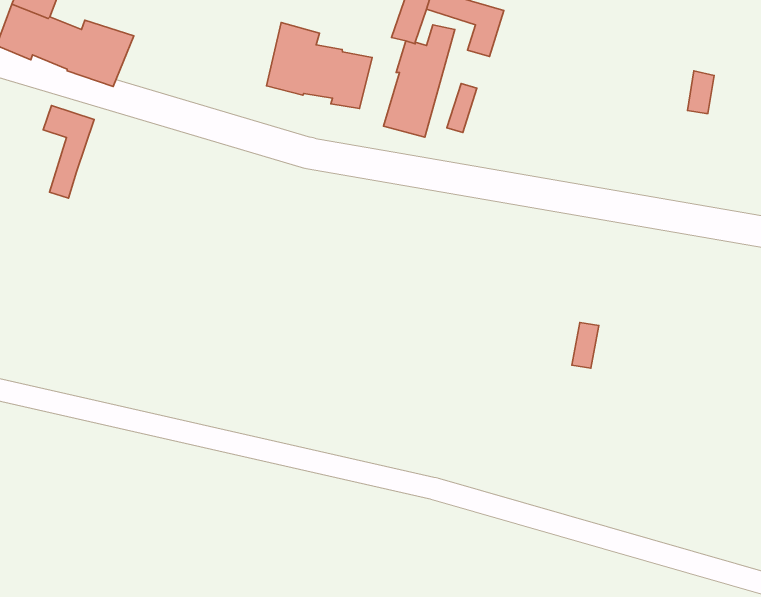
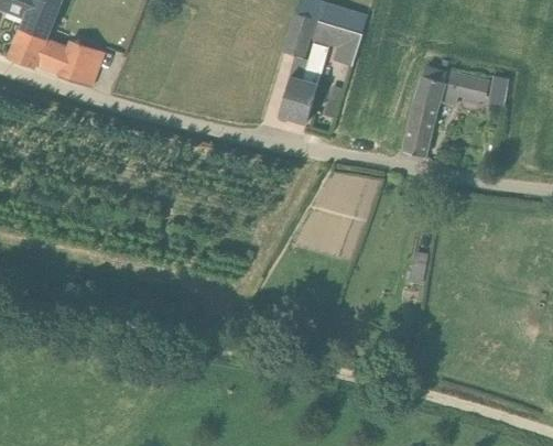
building: [267,22,372,109] -> none
building: none -> [403,67,487,157]
building: [43,106,94,198] -> none

